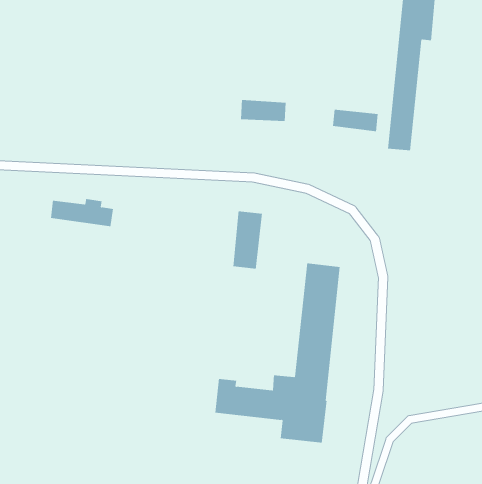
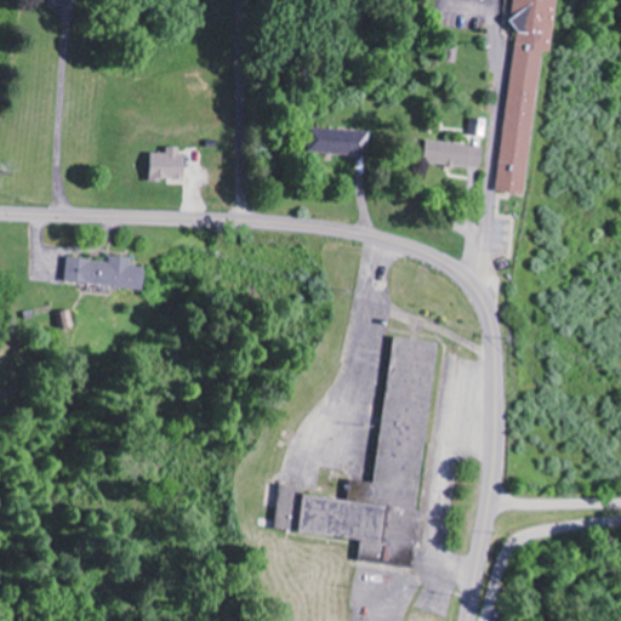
building: none -> [150,146,183,178]
building: [233,210,263,269] -> none

